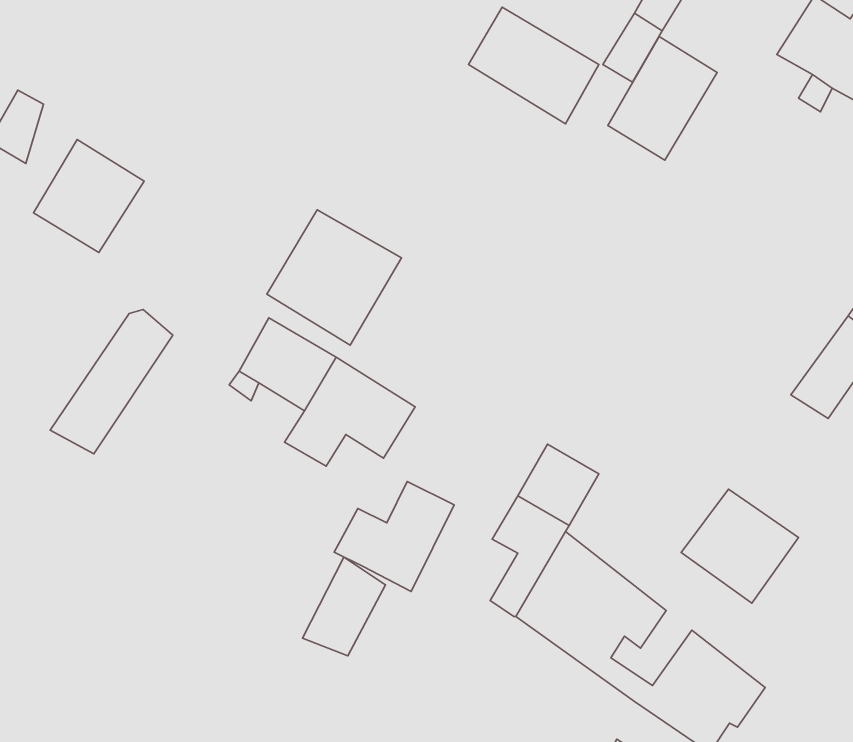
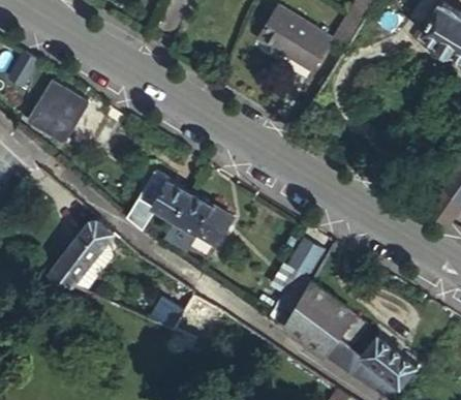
building: [608,36,717,160] -> none
building: [267,210,402,345] -> none
building: [50,309,173,454] -> [49,221,113,297]
building: [334,481,454,592] -> none
building: [681,489,799,603] -> none

